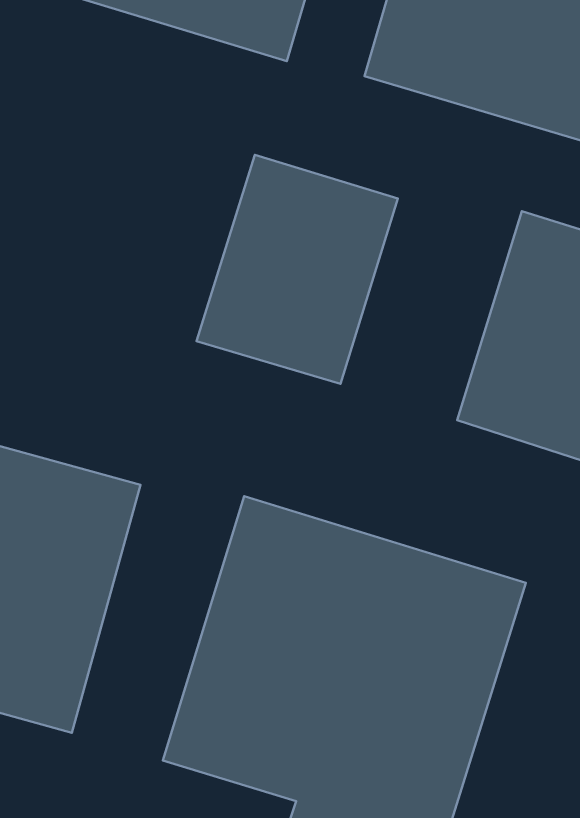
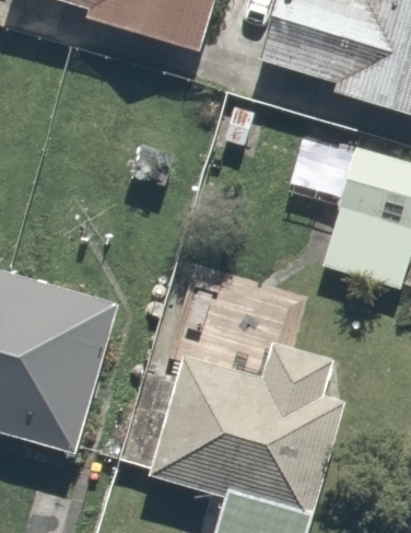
building: [196,155,398,384] -> none

